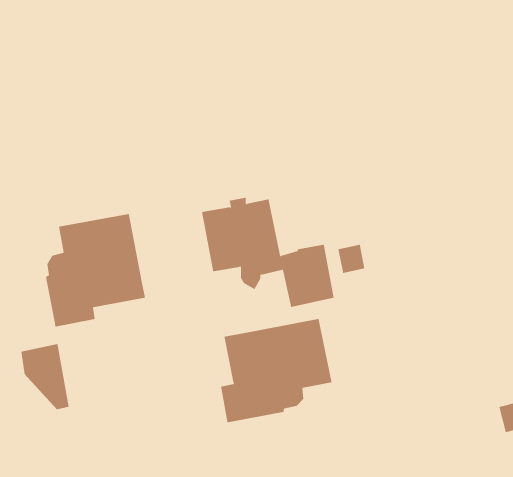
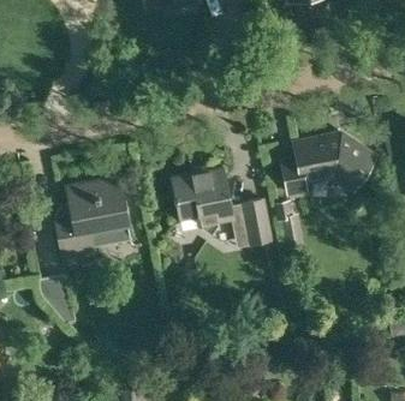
building: none -> [282,137,370,196]
building: [221,318,332,423] -> none

